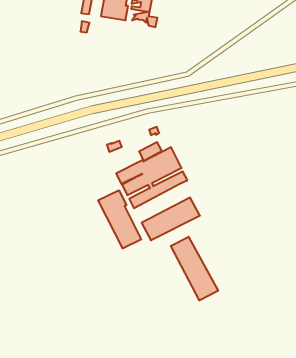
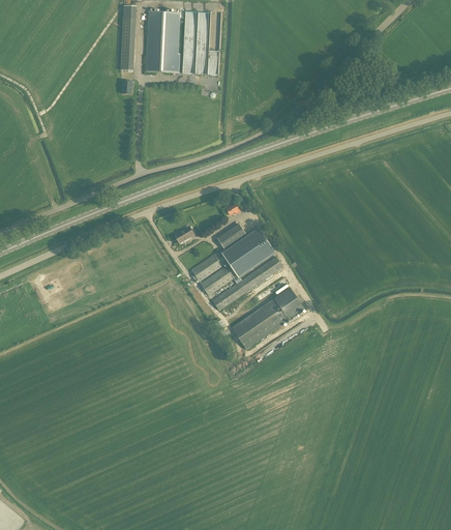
building: [98,190,141,248] -> none
building: [171,237,218,300] -> none

